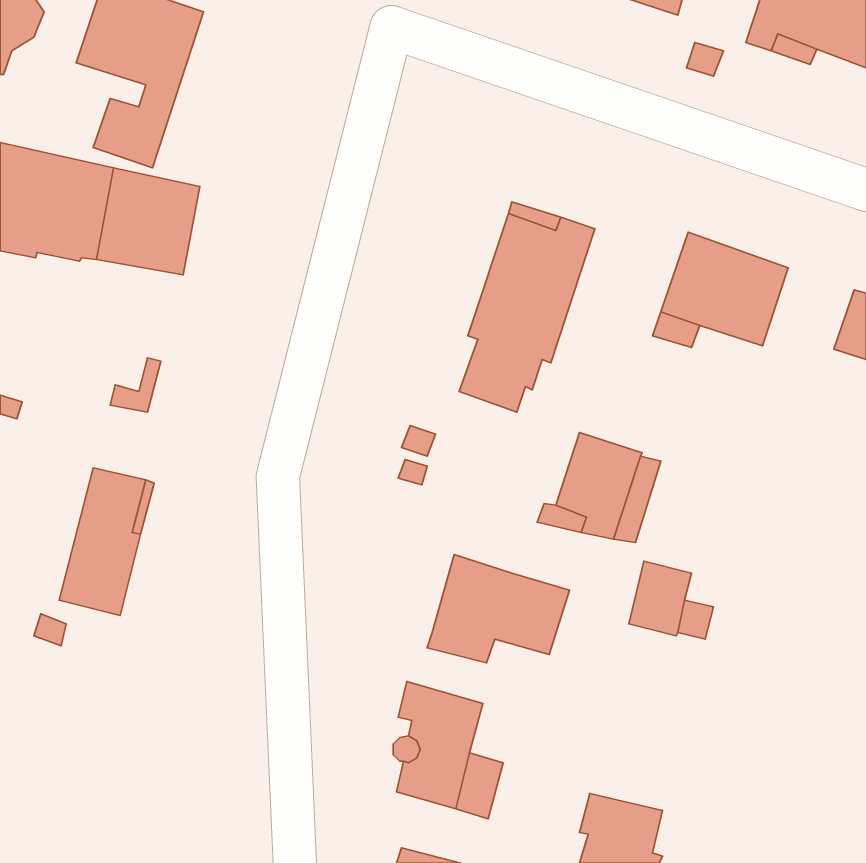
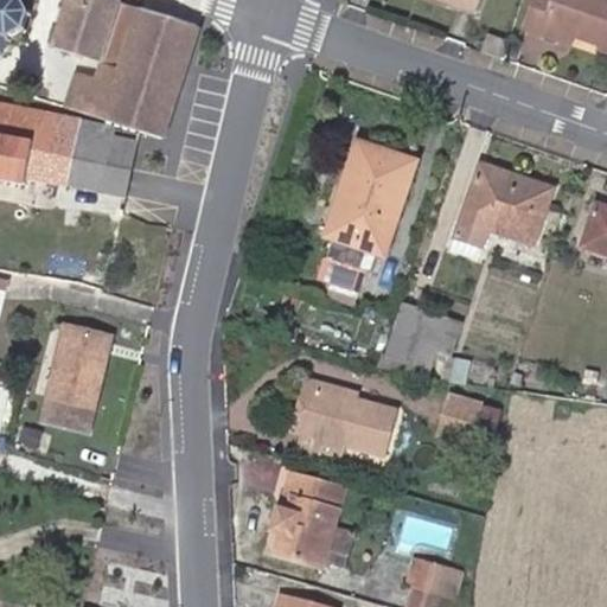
building: none -> [107,8,197,135]
building: none -> [289,378,360,442]

